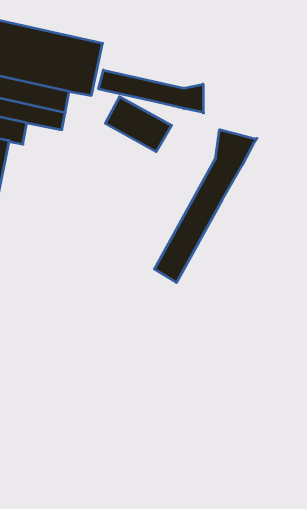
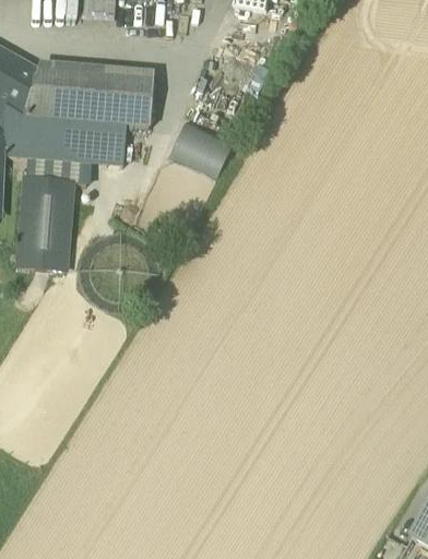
building: [99,70,204,113] -> none
building: [154,130,257,283] -> none

